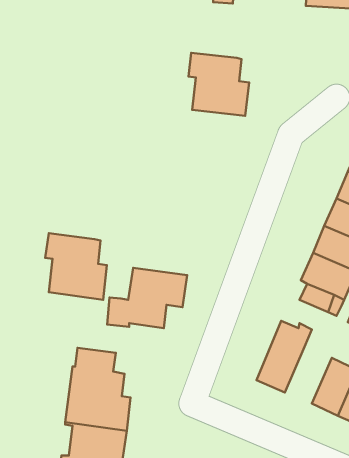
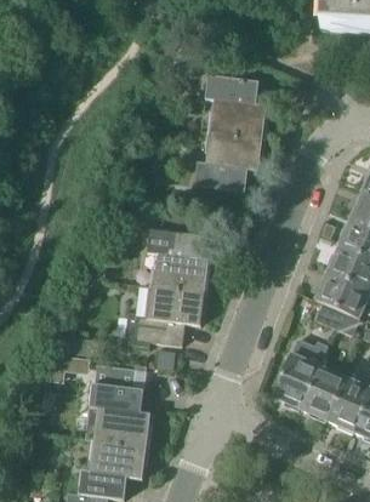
building: none -> [194,131,262,192]
building: [45,233,107,300] -> [148,228,209,293]
building: none -> [301,364,347,420]

